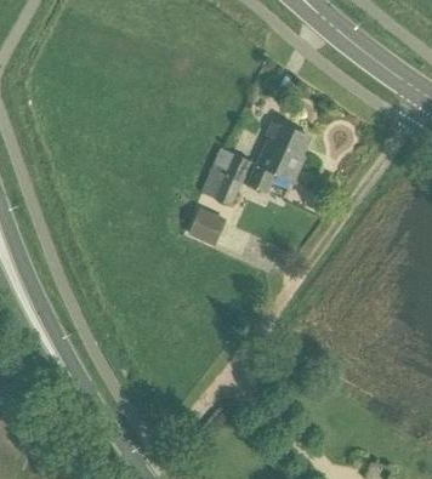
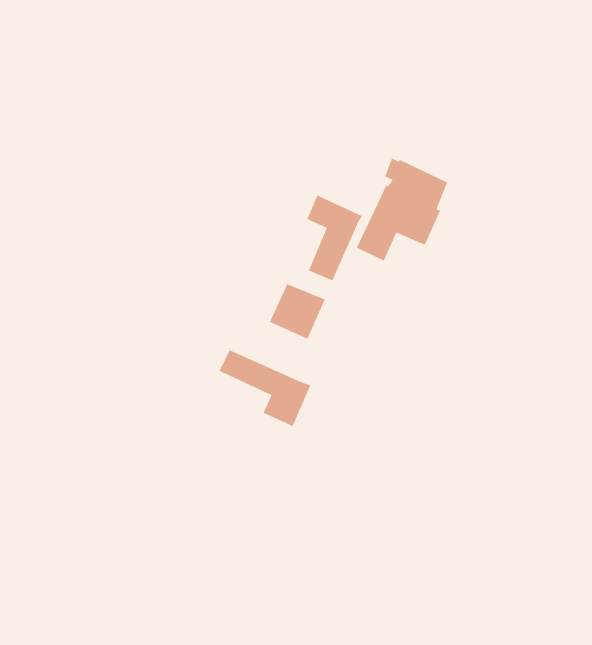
building: none -> [219,349,311,427]

